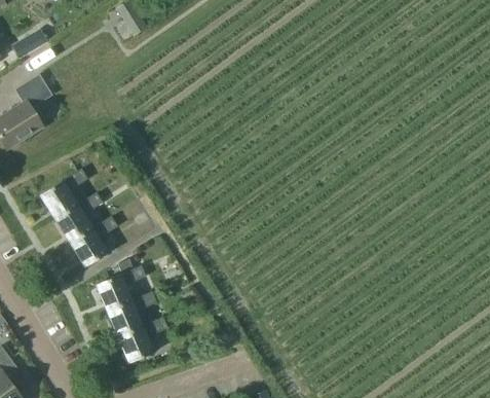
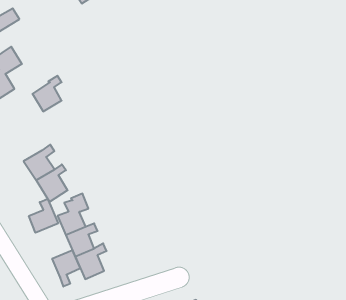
building: [40,173,76,217] -> [32,76,62,111]
building: none -> [29,199,58,233]
building: none -> [52,250,80,287]

